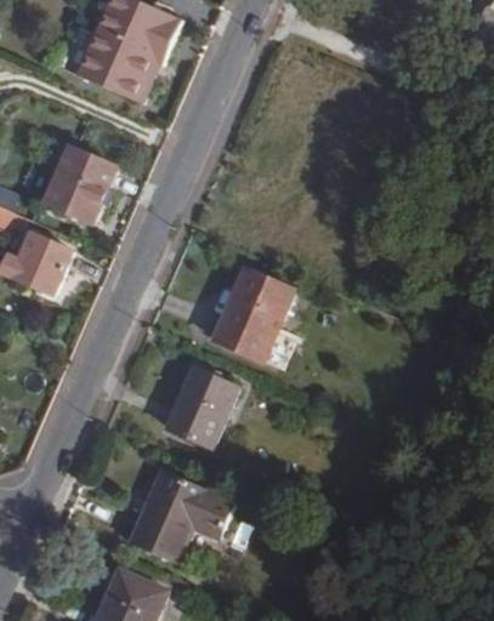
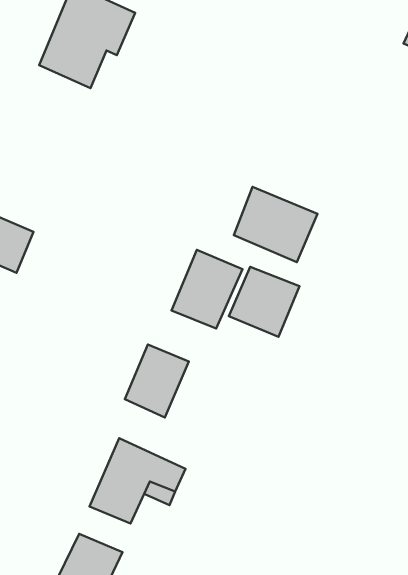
building: [42,147,113,222] -> none
building: none -> [234,187,318,262]
building: none -> [229,267,300,337]

